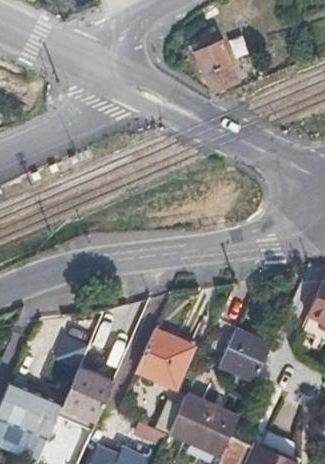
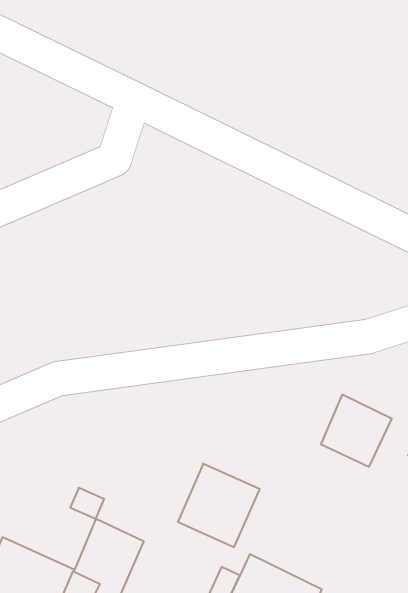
building: [195,29,236,88] -> none
building: [221,330,271,381] -> [321,395,392,467]

